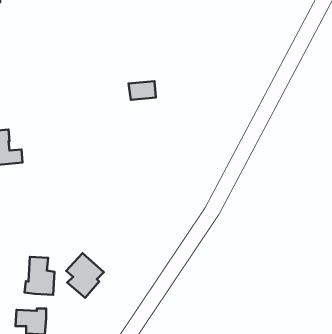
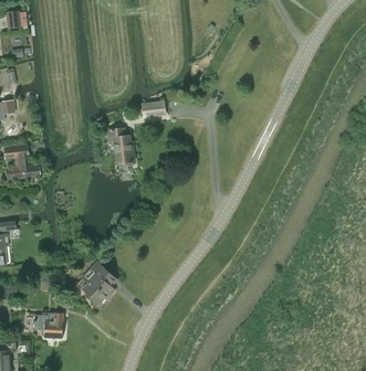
building: none -> [108,128,135,165]
building: [24,257,55,295] -> none

